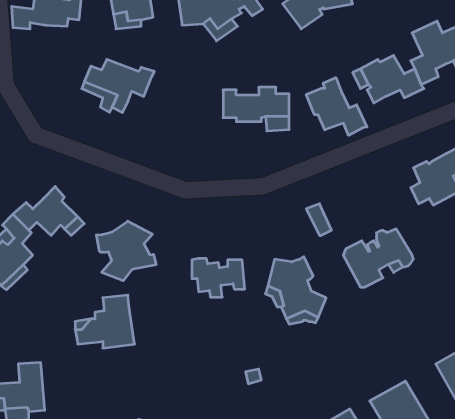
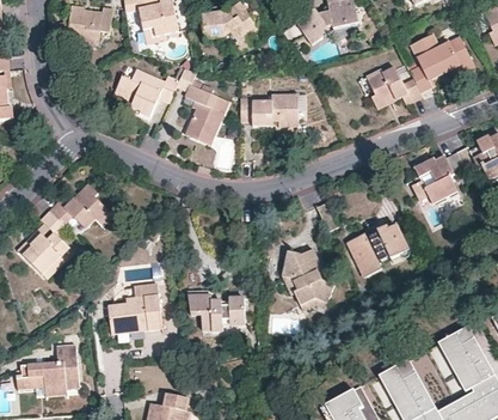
building: none -> [177,67,230,144]
building: [306,78,367,135] -> none
building: [96,221,156,281] -> none
building: [192,259,245,297] -> [199,294,247,329]

